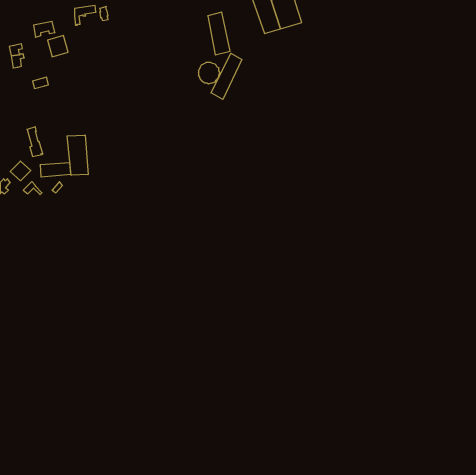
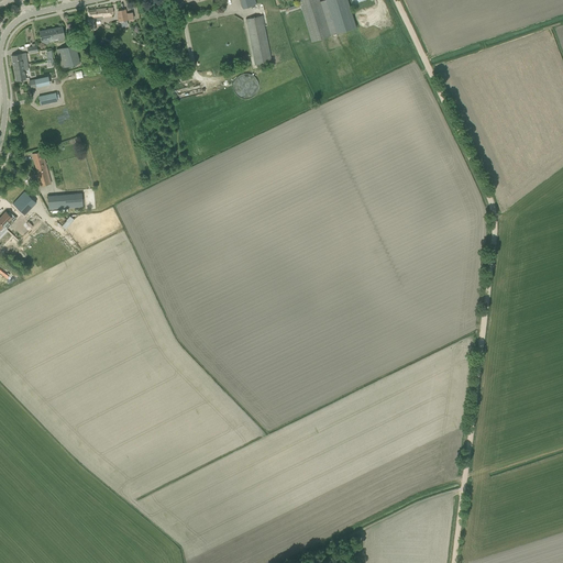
building: [211,53,242,99] -> none
building: [67,135,88,175] -> none

